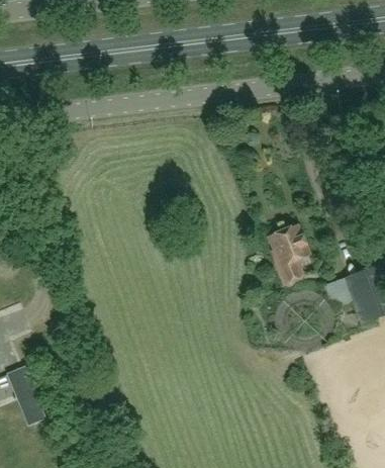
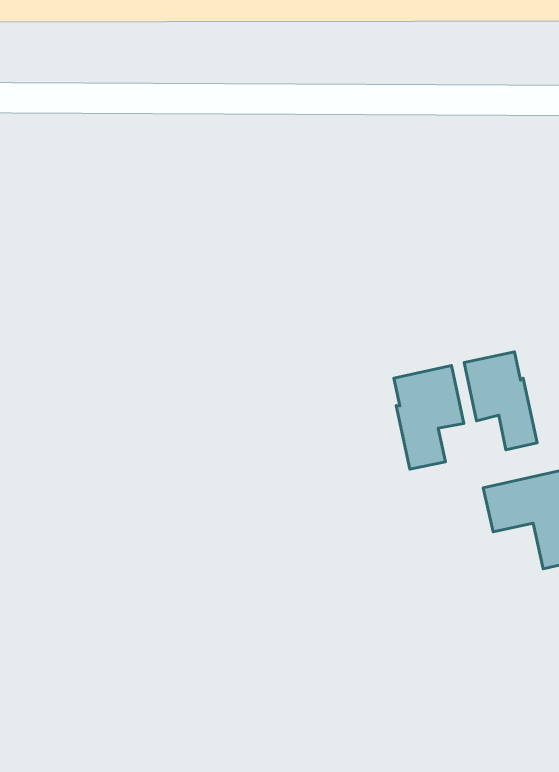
building: none -> [464,352,537,450]

